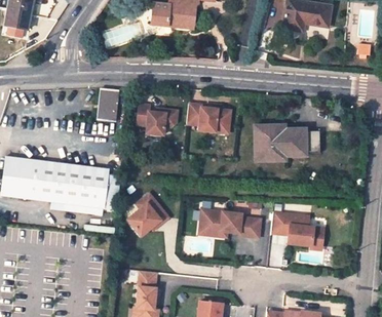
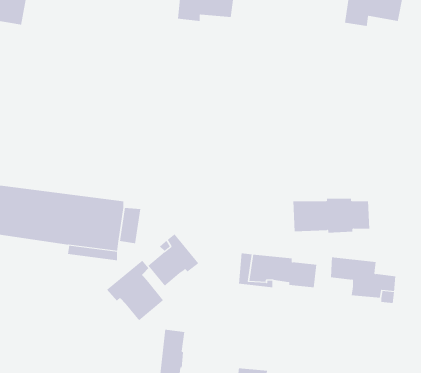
building: [98,89,119,122] -> none
building: [188,104,232,132] -> none
building: [138,105,178,134] -> none
building: [259,129,320,157] -> [292,198,370,233]
building: none -> [106,260,164,321]

